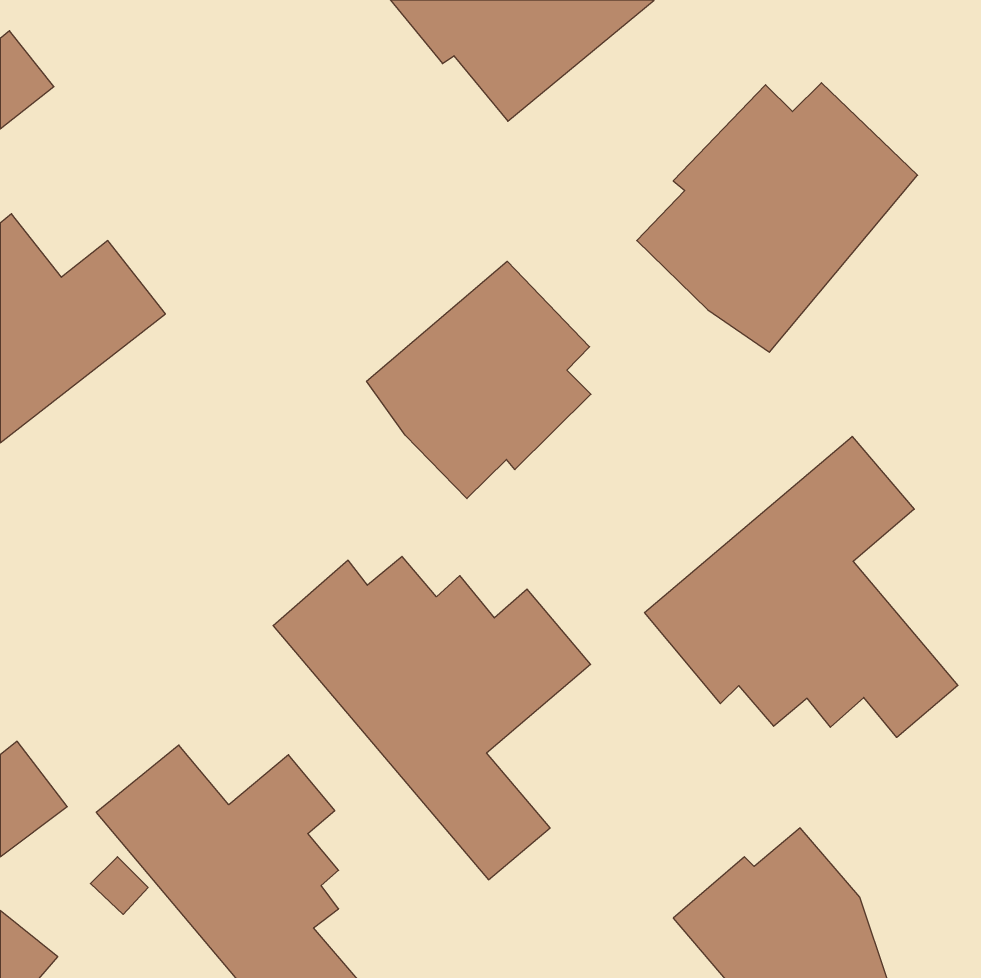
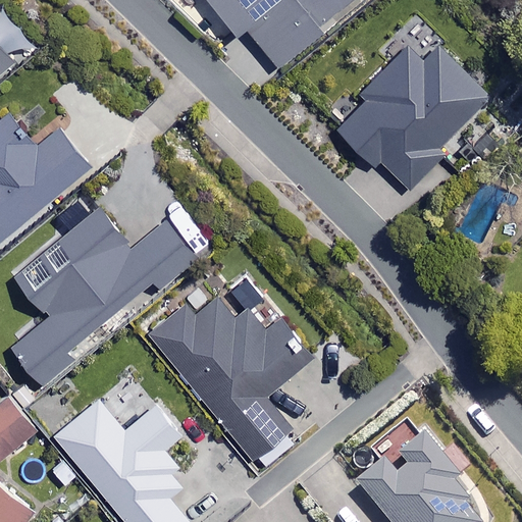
building: [367,261,591,499] -> none
building: none -> [11,206,212,386]
building: [645,436,958,737] -> none

